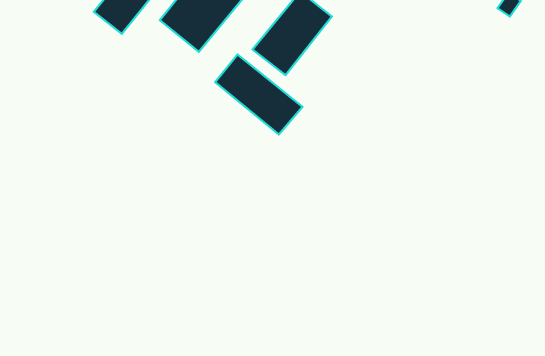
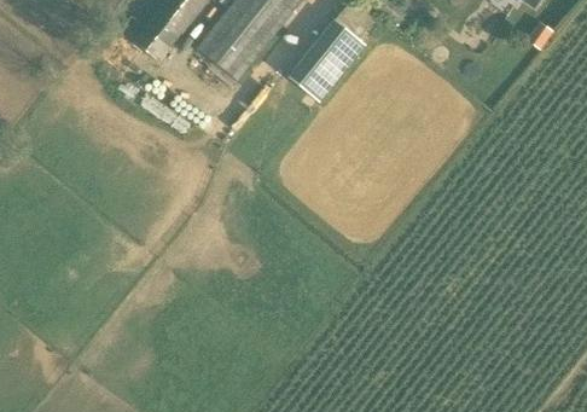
building: [215,54,303,135] -> none

